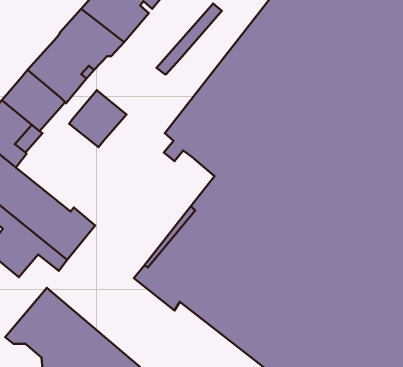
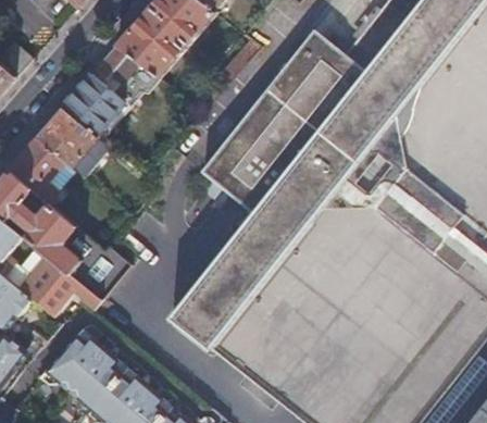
building: [69,90,126,147] -> none

